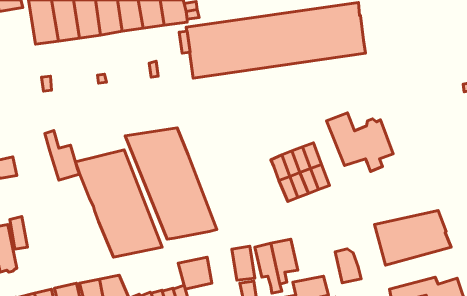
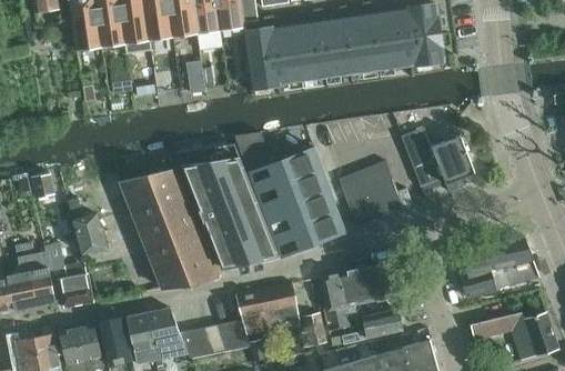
building: none -> [233,132,345,255]
building: [45,130,80,180] -> [67,197,105,252]
building: none -> [57,273,92,307]
building: [335,249,361,283] -> [360,264,389,302]
building: none -> [266,283,299,323]

